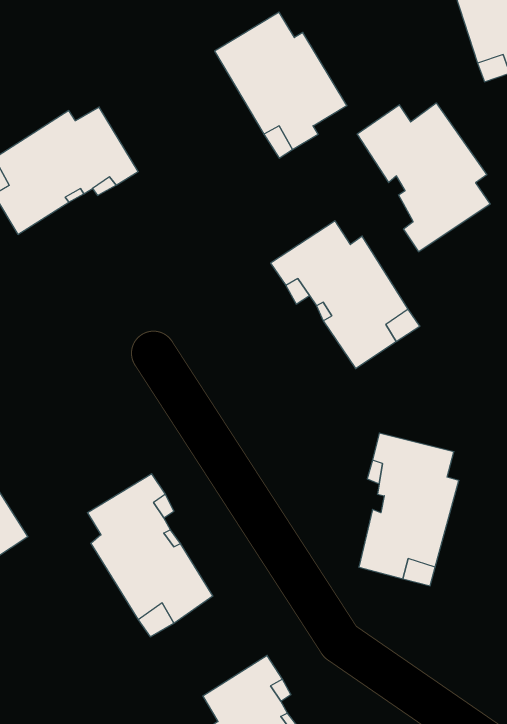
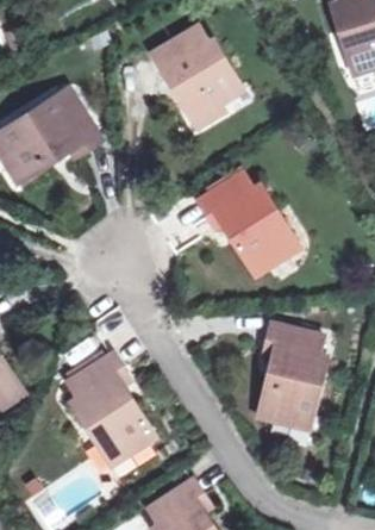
building: [357,103,490,252] -> none

